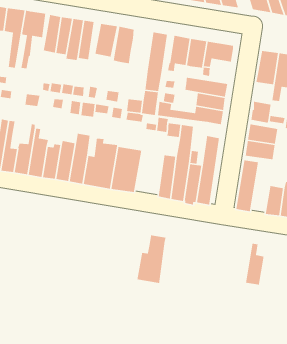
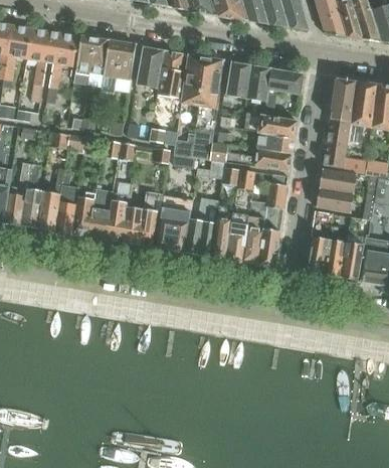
building: none -> [181,54,206,103]
building: none -> [327,119,352,145]
building: [136,235,166,284] -> [184,197,220,257]
building: [245,243,264,286] -> [324,226,347,278]

